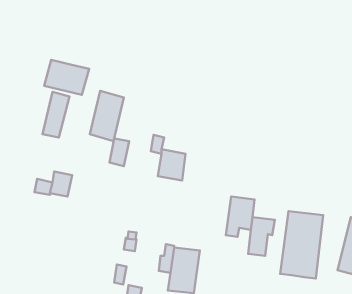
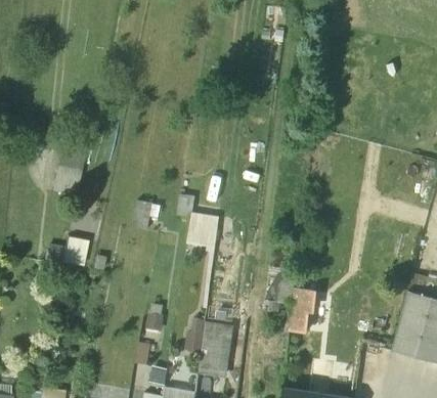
building: [44,60,89,95] -> none
building: [90,91,124,141] -> none
building: [280,211,323,278] -> none

